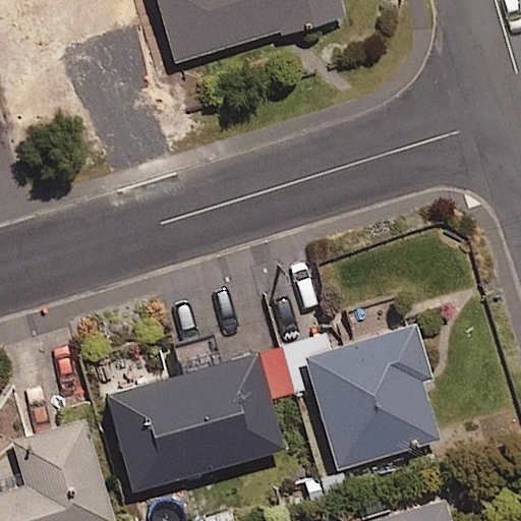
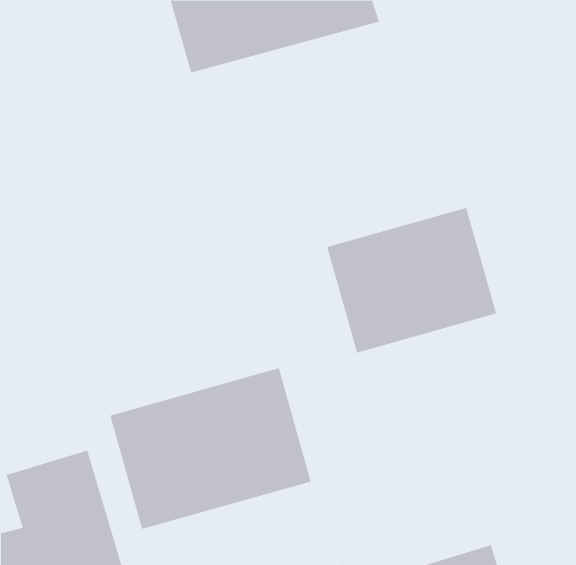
building: none -> [327,207,497,353]
building: [286,320,441,469] -> none

